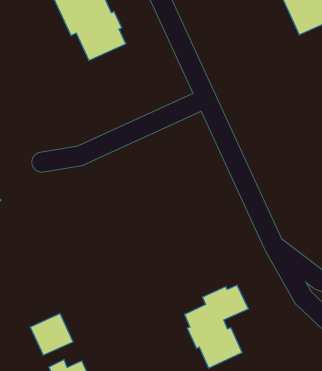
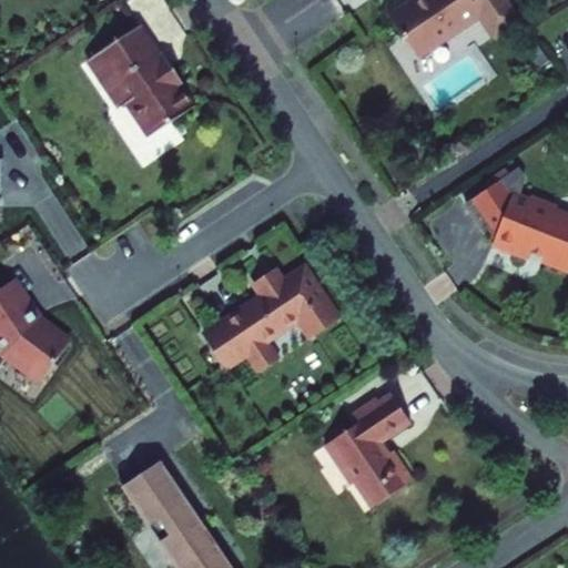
building: none -> [204,284,339,384]
building: none -> [150,504,202,542]

